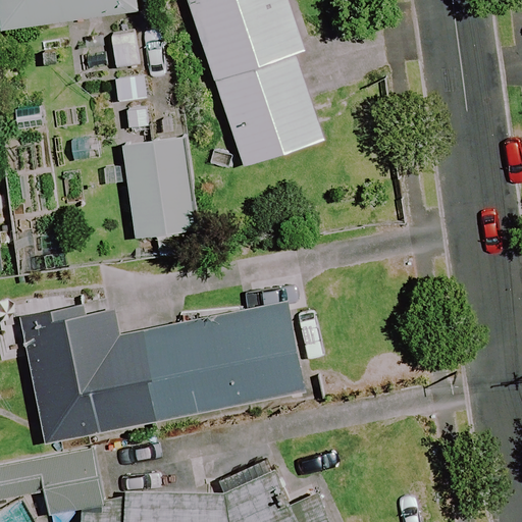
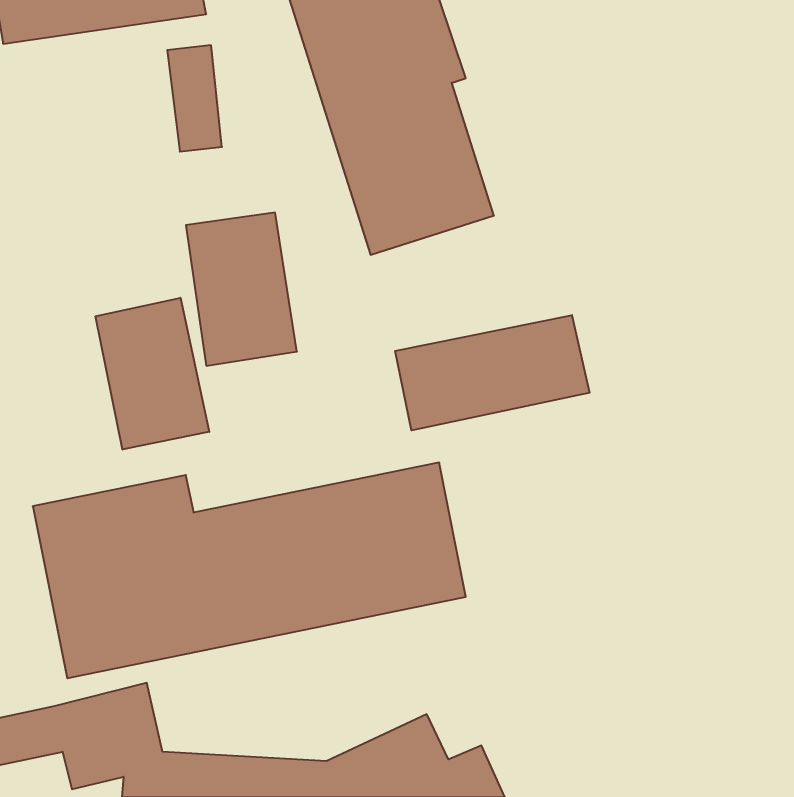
building: none -> [96,298,209,450]
building: none -> [395,315,590,430]

